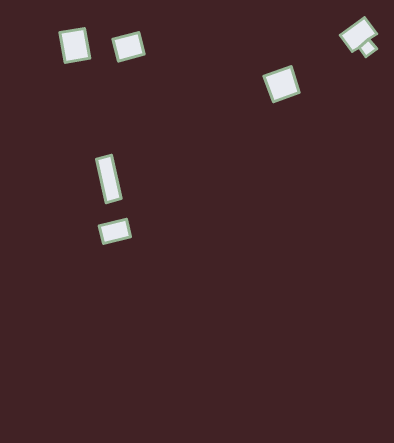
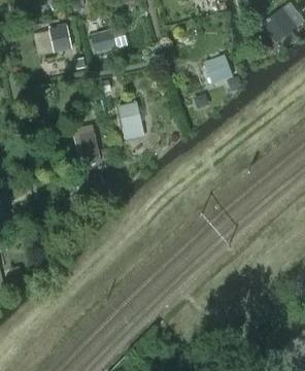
building: none -> [117,101,144,139]

